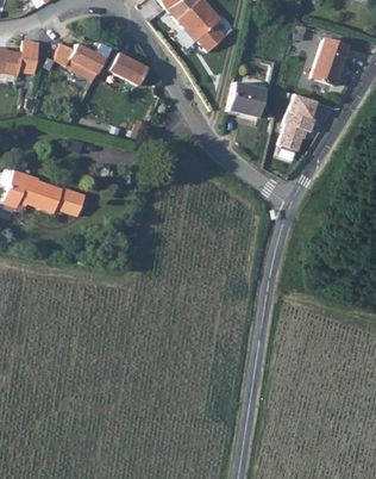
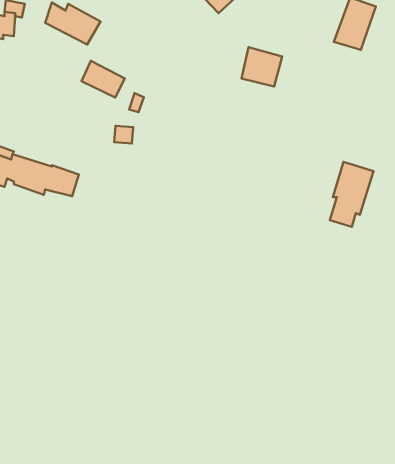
building: [108,54,146,86] -> [81,61,125,98]
building: [277,95,315,153] -> [330,162,373,227]

